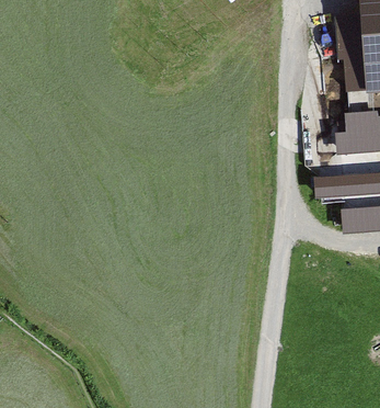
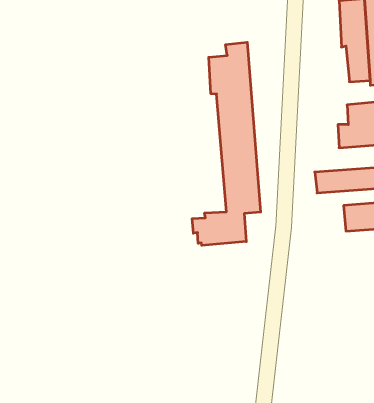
building: none -> [192,42,261,245]

